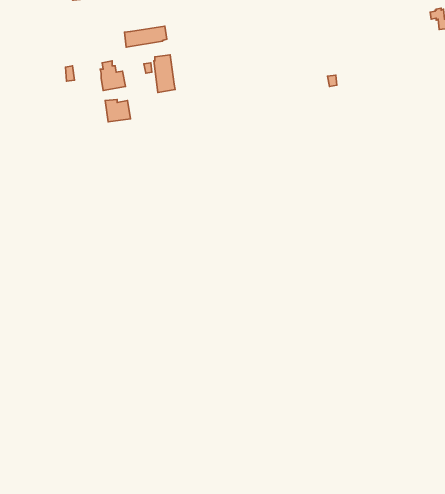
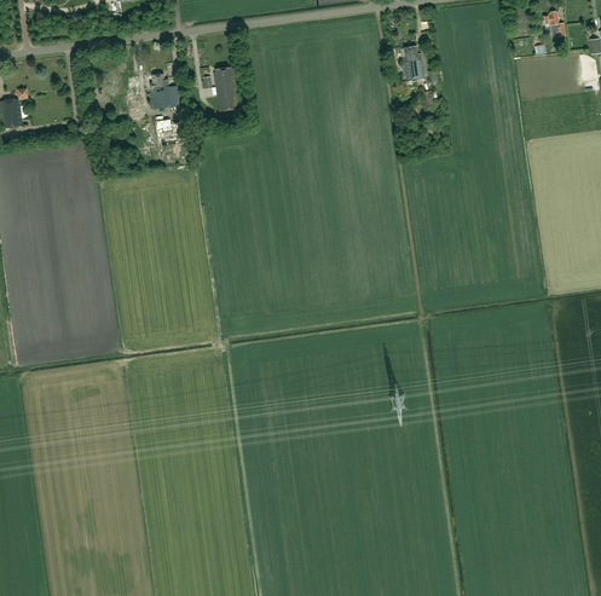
building: [125,26,167,47] -> none
building: none -> [403,46,423,81]

